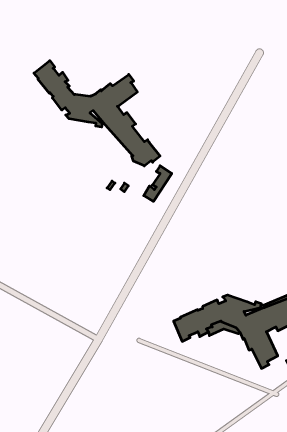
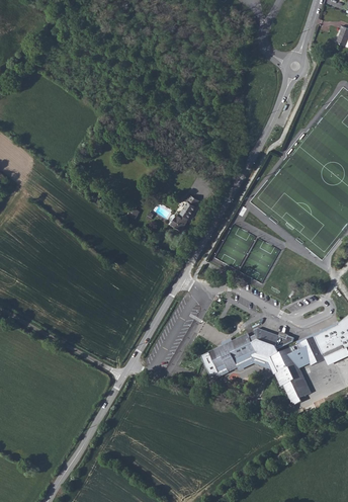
building: [34,61,160,166] -> none

